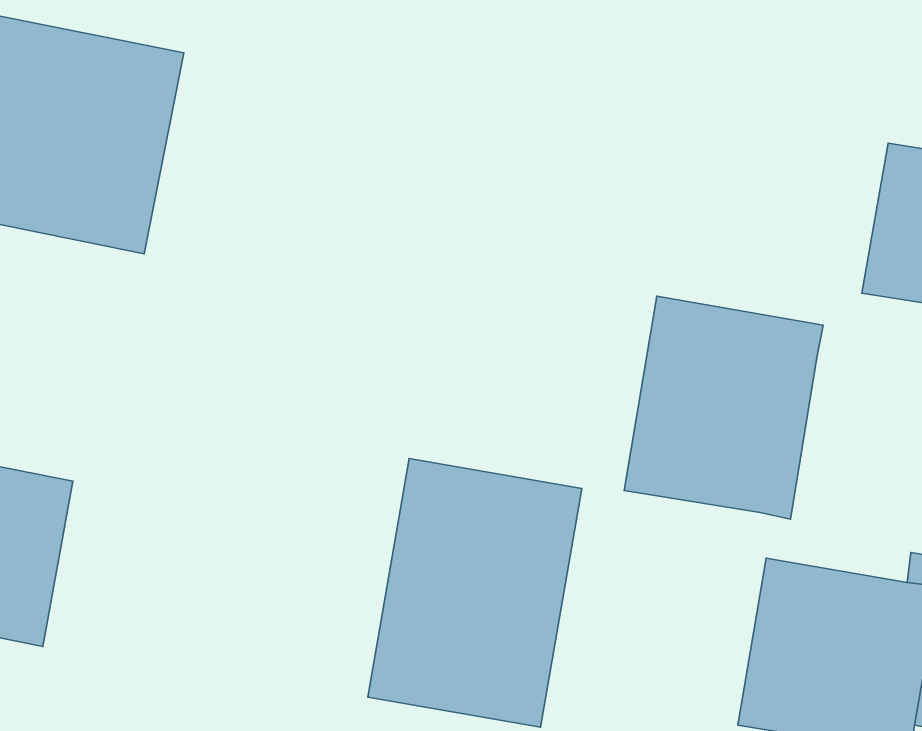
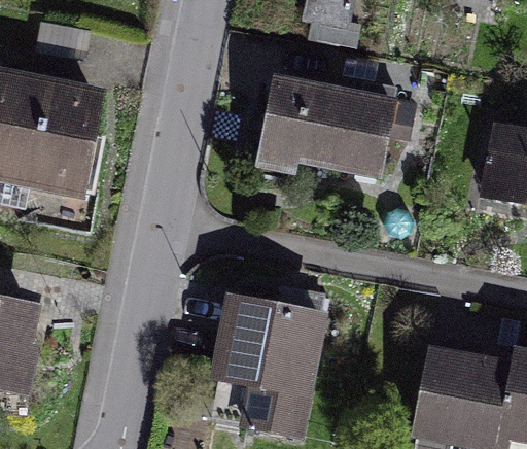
building: none -> [253,74,398,186]
building: [624,296,823,519] -> none

